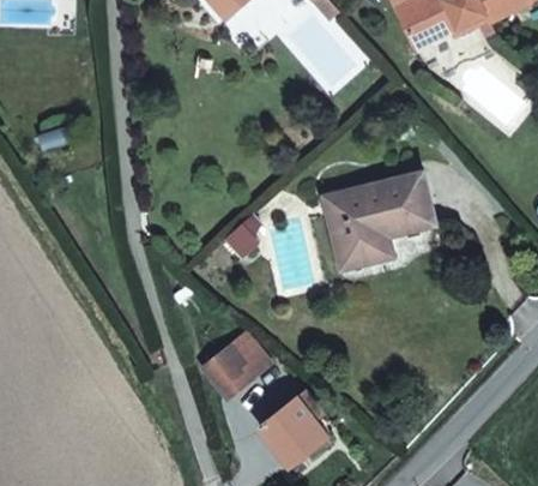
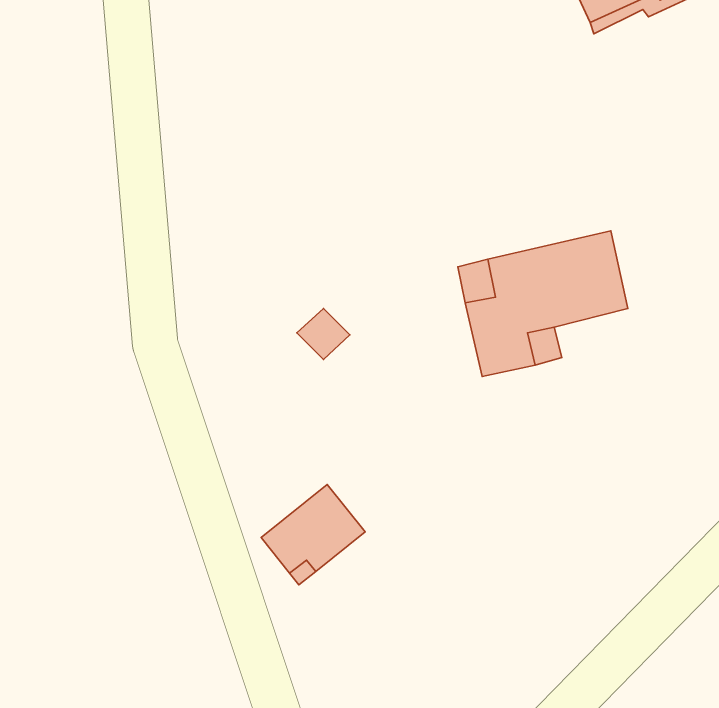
building: [259,392,326,464] -> none

